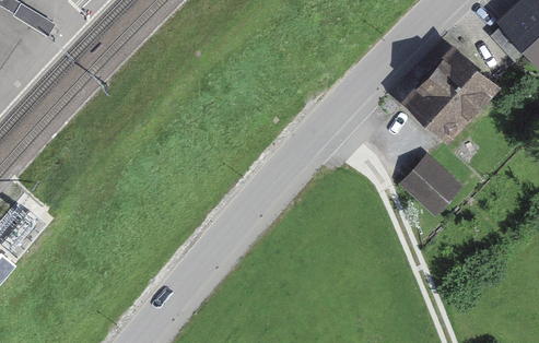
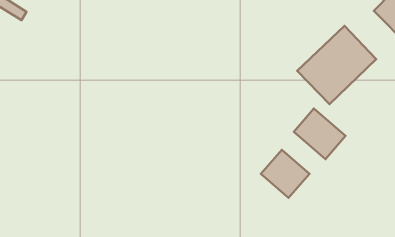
building: none -> [261,150,310,198]

